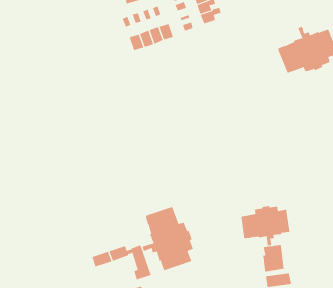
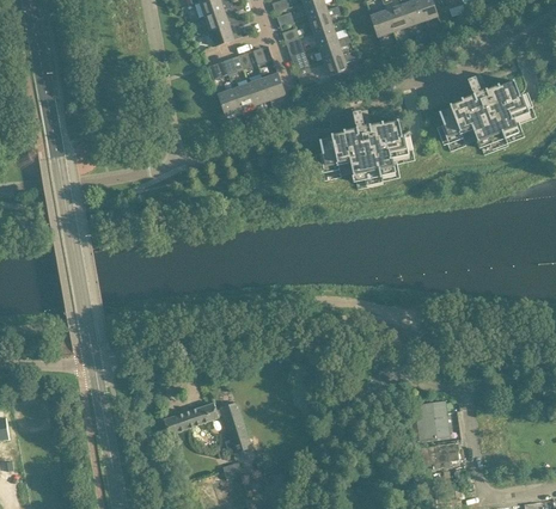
building: none -> [320,111,408,180]
building: [241,205,290,246] -> none
building: [142,206,193,272] -> none

